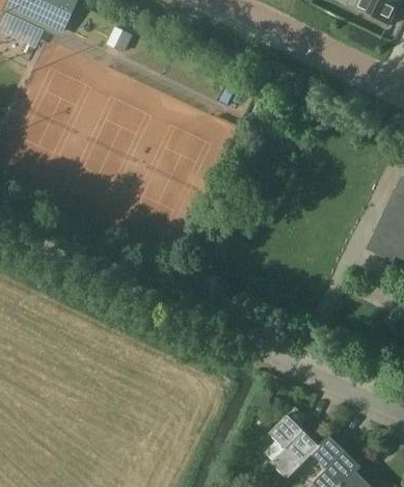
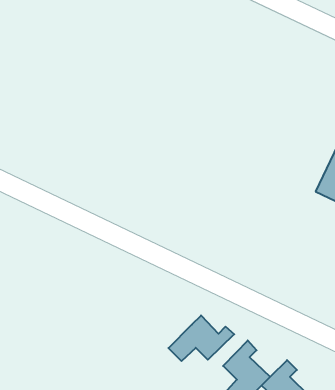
building: none -> [168,315,234,361]

